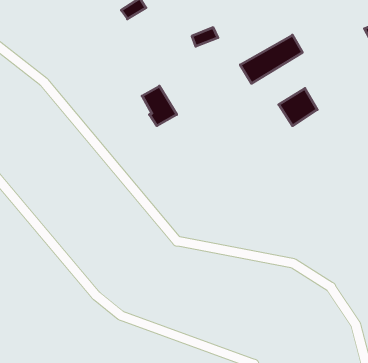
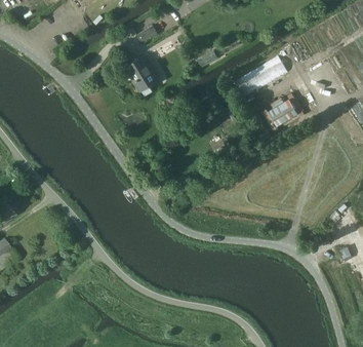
building: [142,86,177,126] -> [127,55,156,88]

